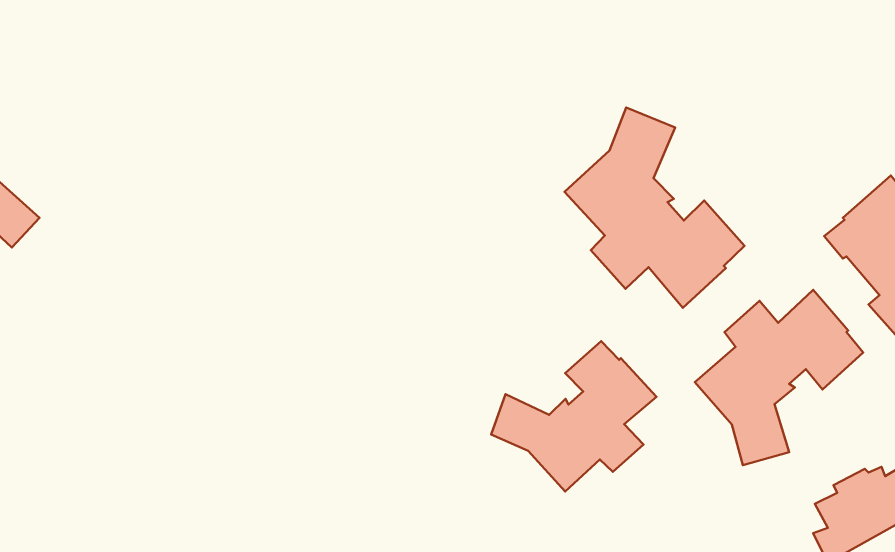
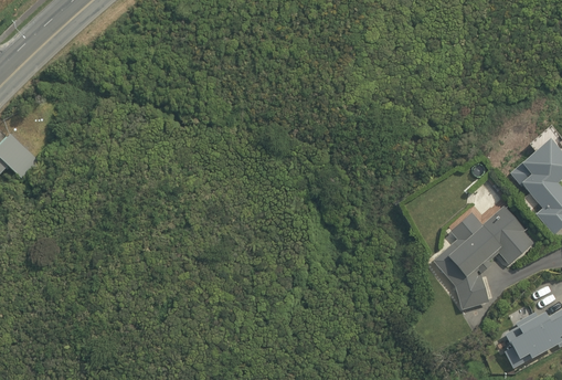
building: [564,108,744,308] -> none
building: [491,341,657,491] -> none

